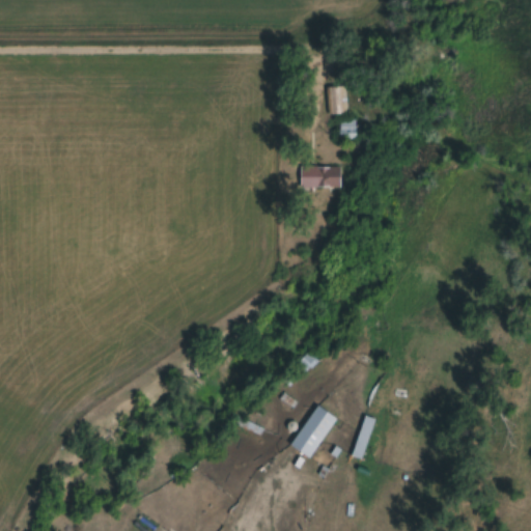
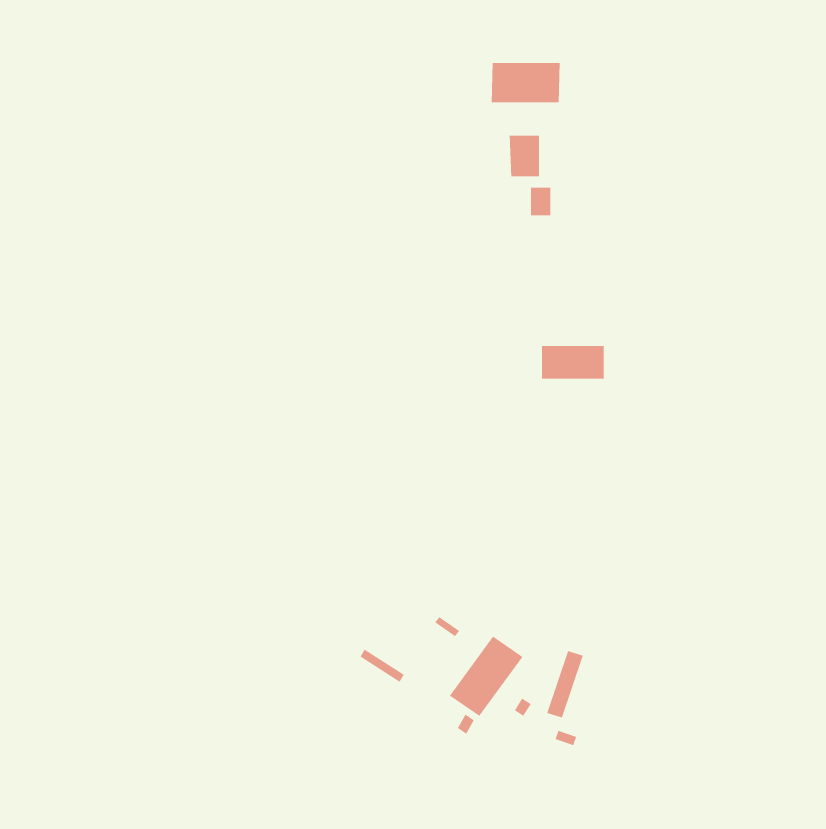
building: none -> [491,62,560,103]
building: [300,167,340,189] -> [541,345,605,379]

